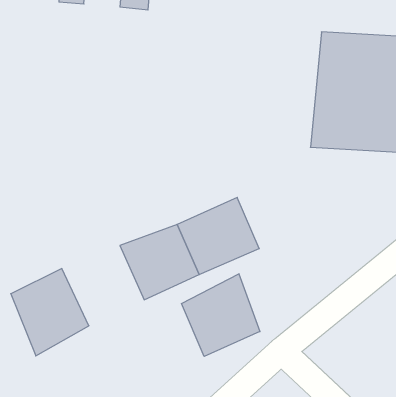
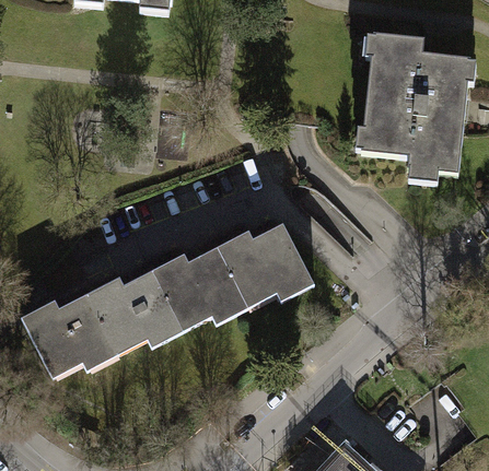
building: none -> [80,273,170,361]
building: [182,274,260,356] -> none

